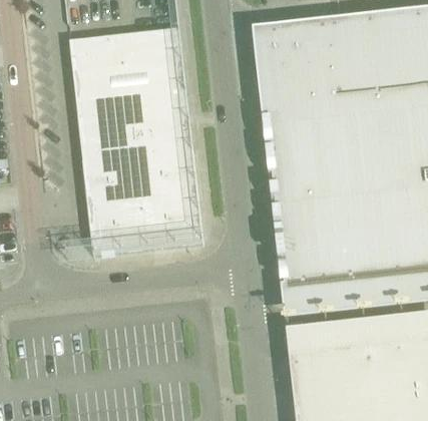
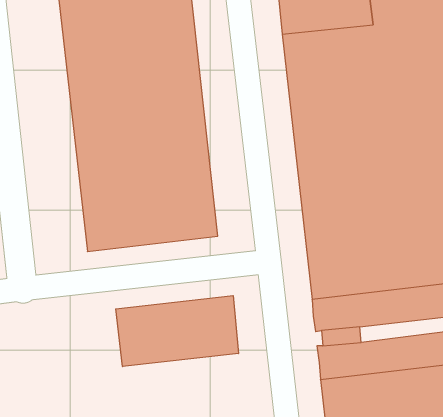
building: none -> [116,296,238,367]

